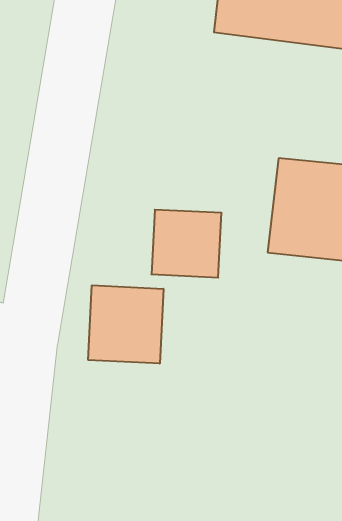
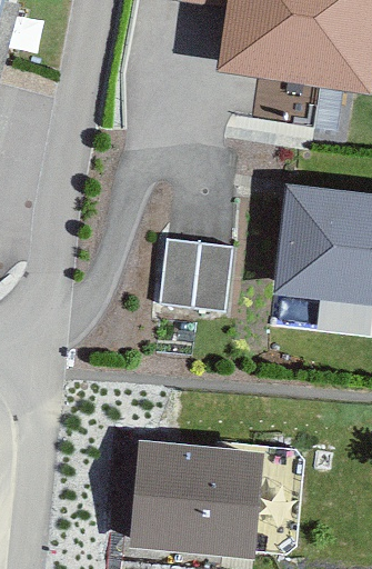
building: [88,285,163,364] -> none
building: none -> [132,446,253,549]

